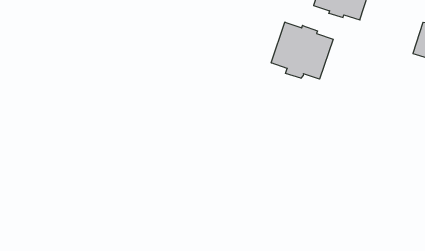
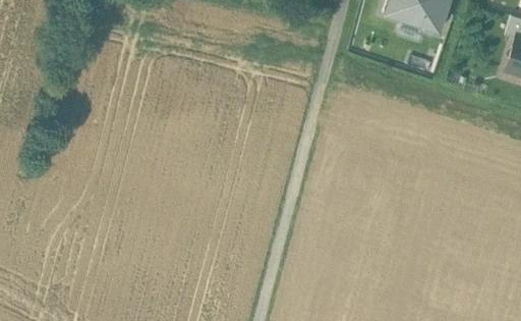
building: [271,22,333,79] -> none

